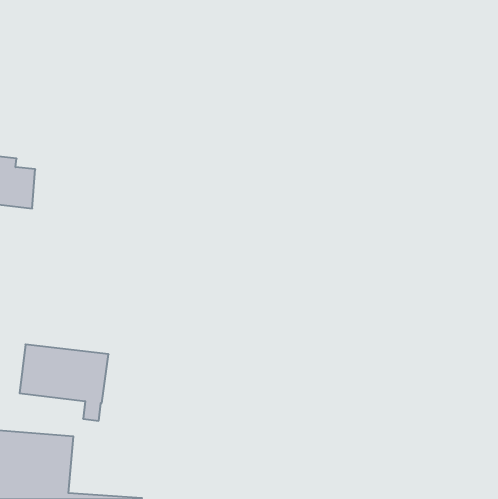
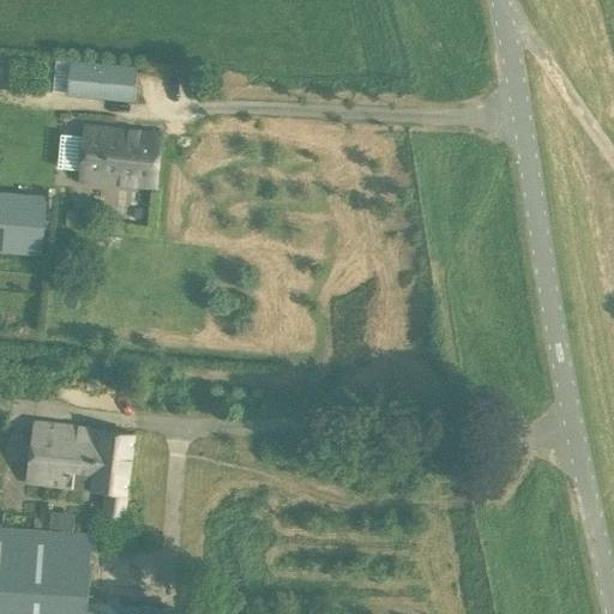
building: none -> [50,60,136,101]
building: none -> [77,126,159,187]

